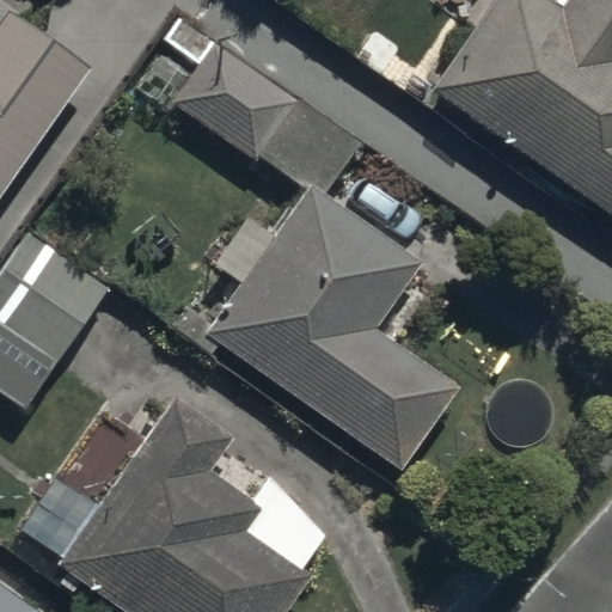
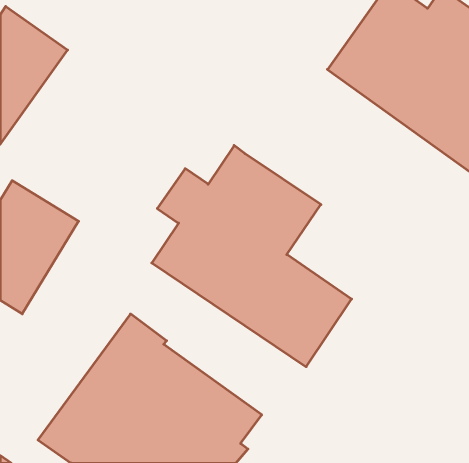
building: [171,38,361,198] -> none

